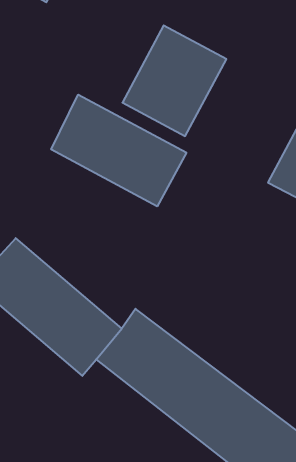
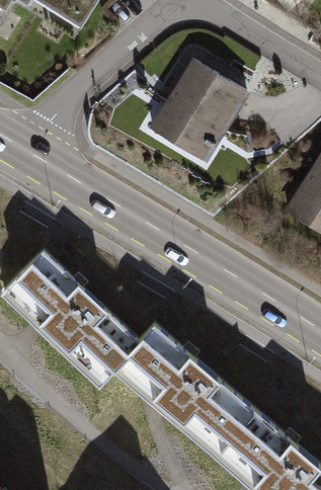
building: [51,95,186,206] -> none

